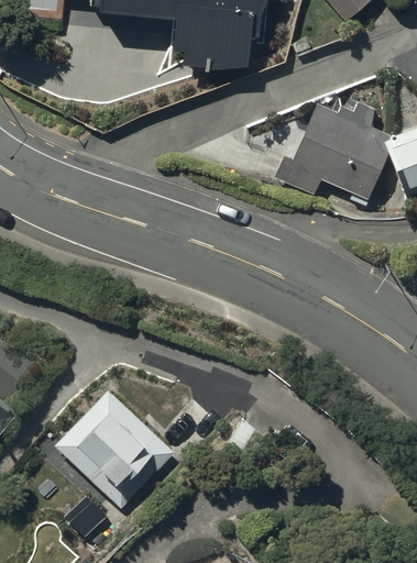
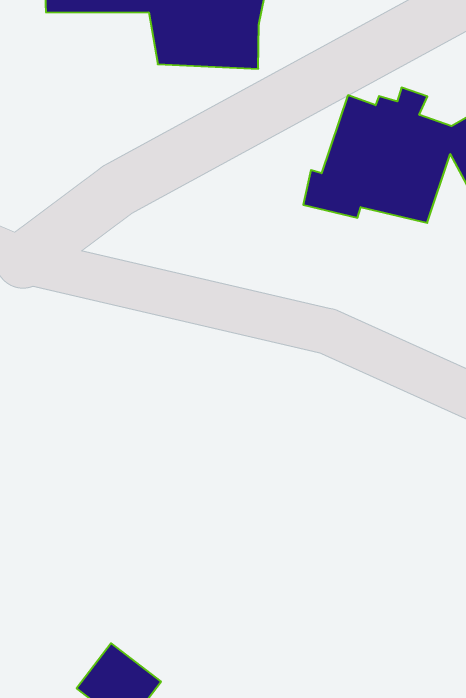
building: [54,388,174,507] -> none

